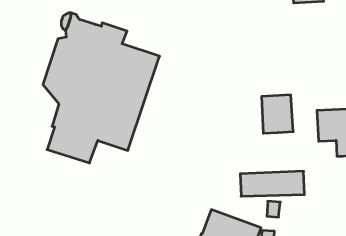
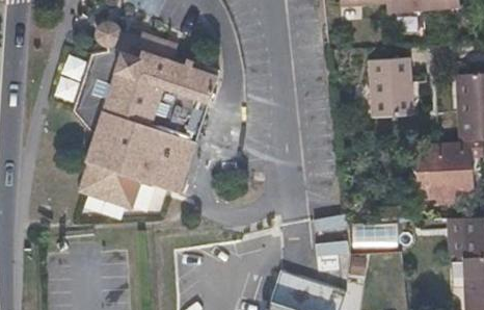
building: [262,95,293,133] -> [370,58,409,106]

